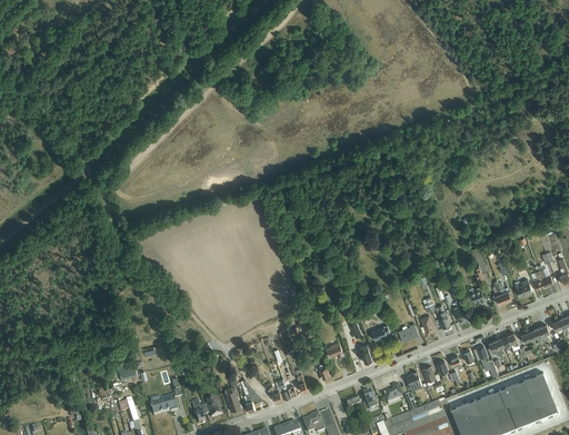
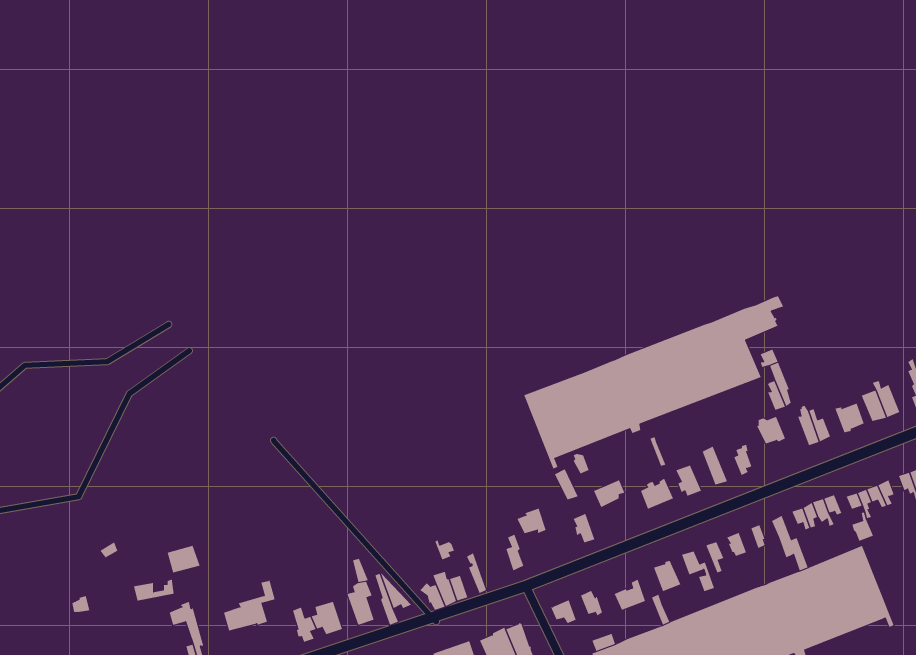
building: none -> [524,296,784,470]

